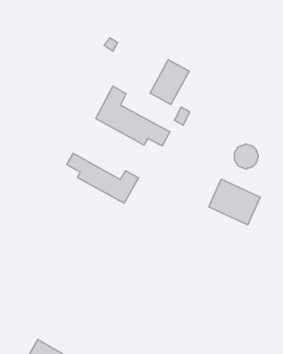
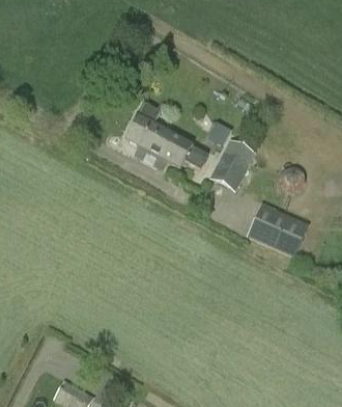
building: [150,60,189,105] -> [211,140,254,189]
building: [67,153,139,203] -> none

